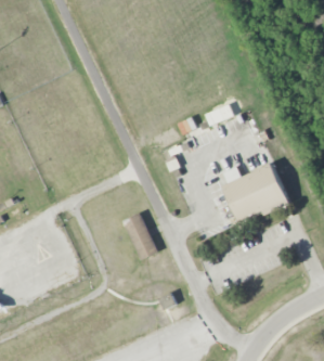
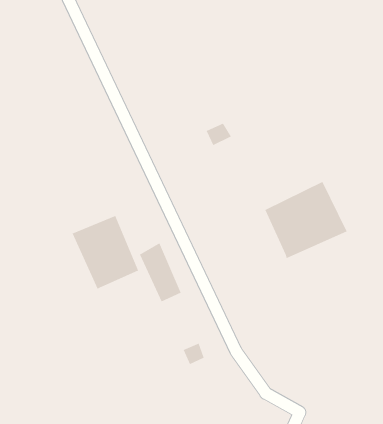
building: none -> [72,215,139,290]

